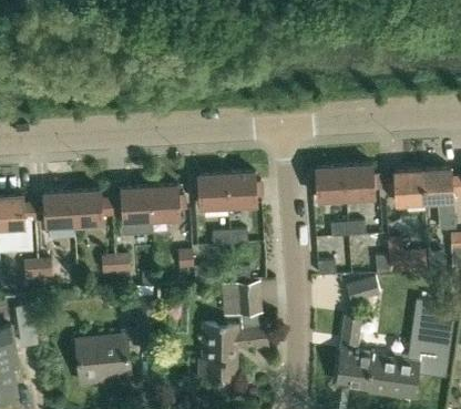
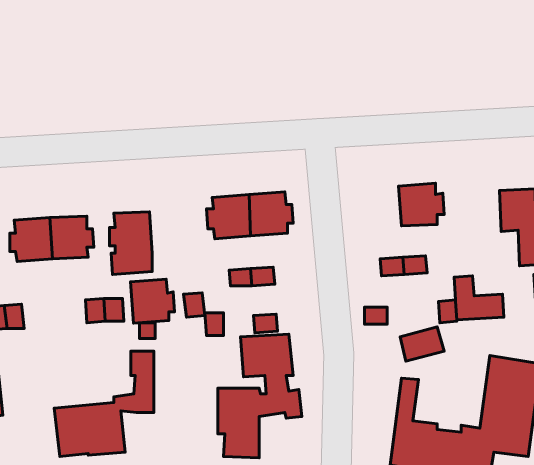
building: [310,168,346,202] -> none
building: [390,172,423,205] -> none
building: [150,186,184,221] -> [131,279,175,323]

